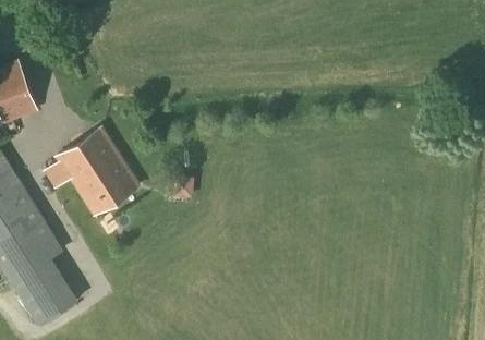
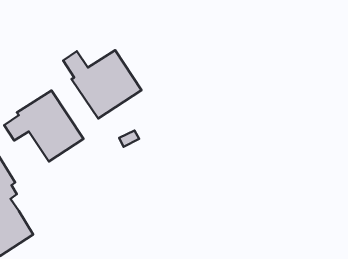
building: none -> [63,50,142,118]

